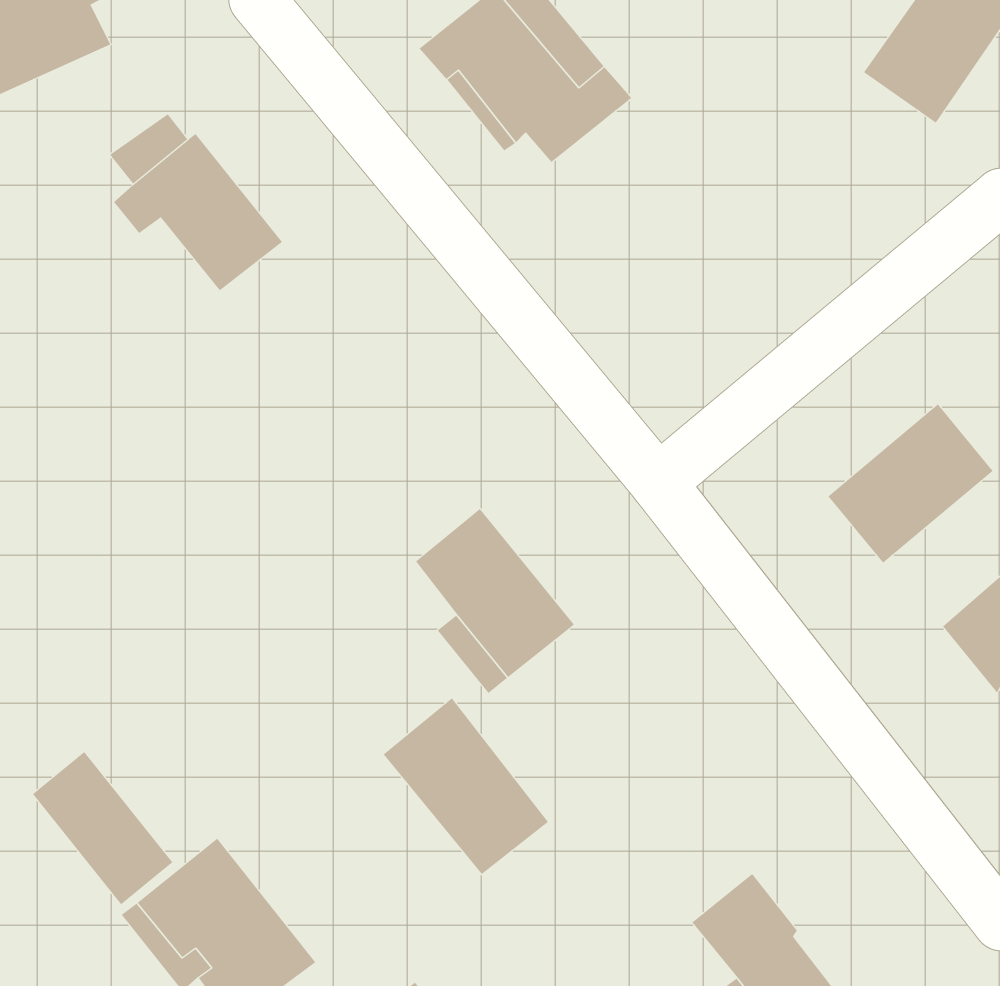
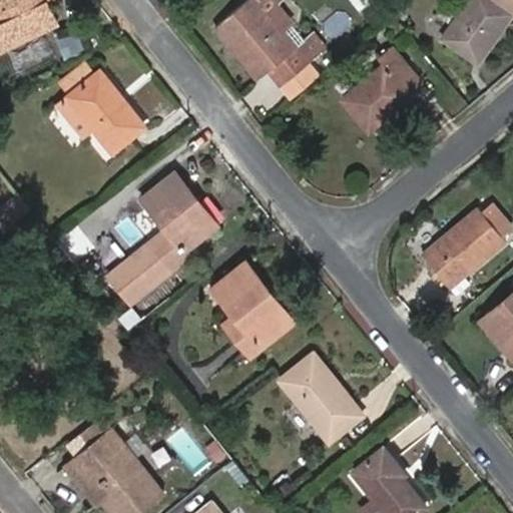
building: none -> [342,50,419,132]
building: none -> [109,173,215,304]
building: [383,697,549,875] -> [279,352,363,442]
building: [32,751,173,905] -> none

